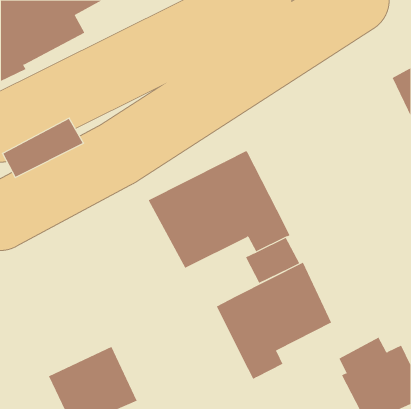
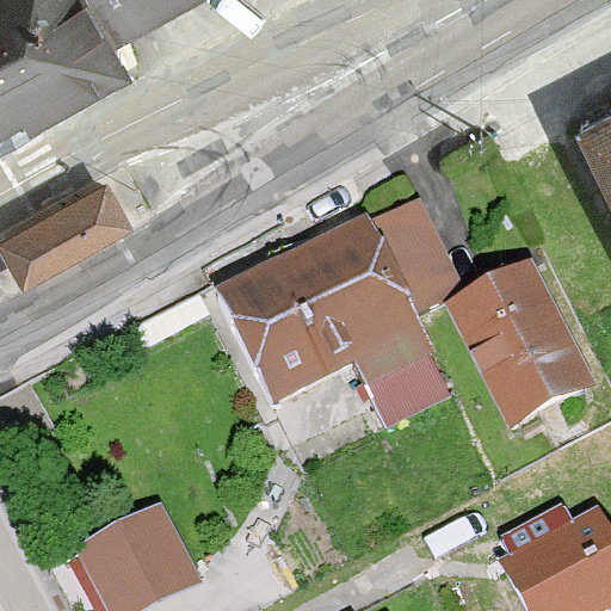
building: none -> [368,205,457,314]
building: none -> [455,271,582,419]
building: [216,262,332,380] -> none

